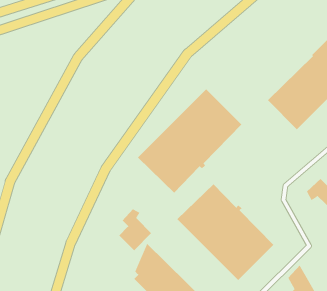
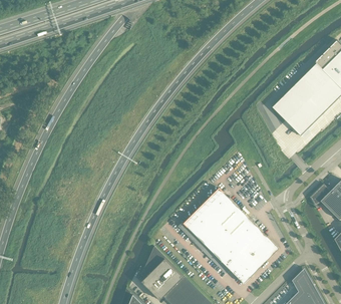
building: [137,89,242,194] -> none
building: [118,209,152,251] -> none

